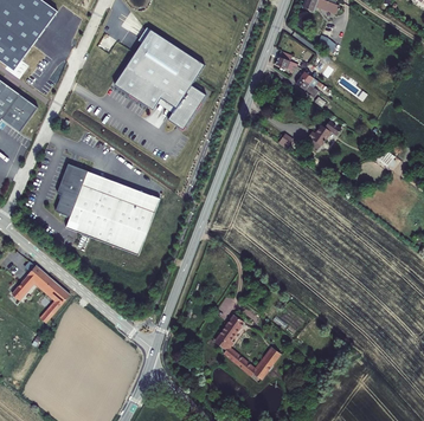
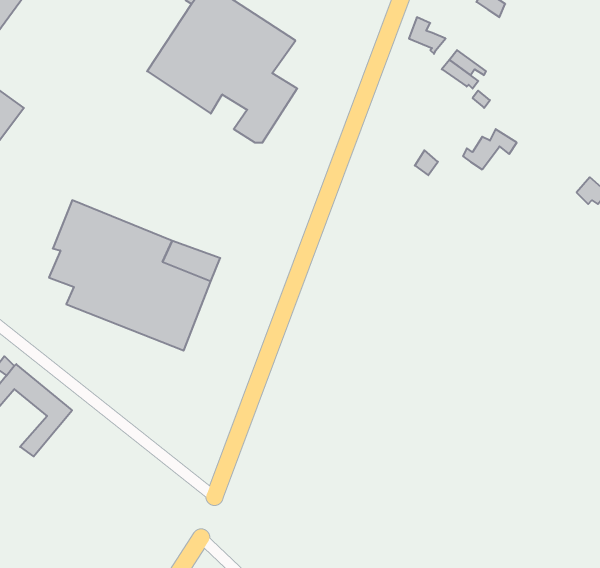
building: [216,315,280,378] -> none

